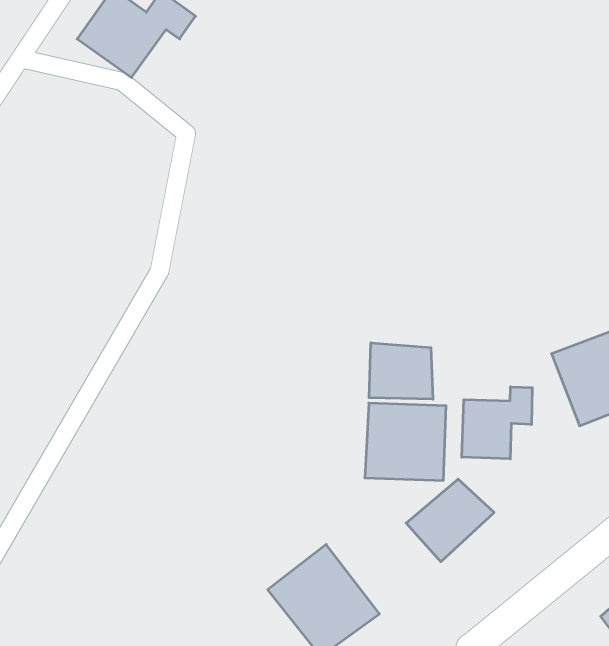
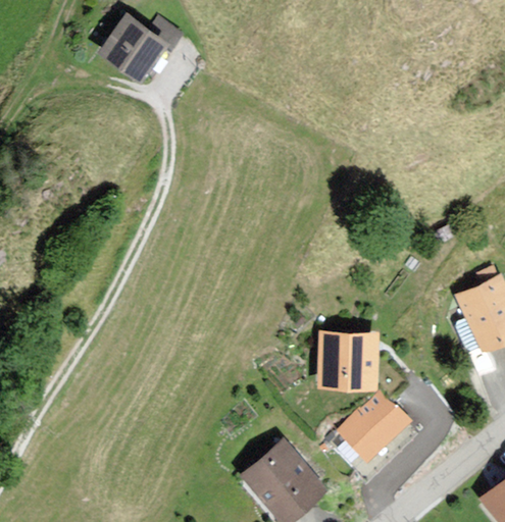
building: [369,343,433,399] -> none
building: [462,387,532,459] -> none

